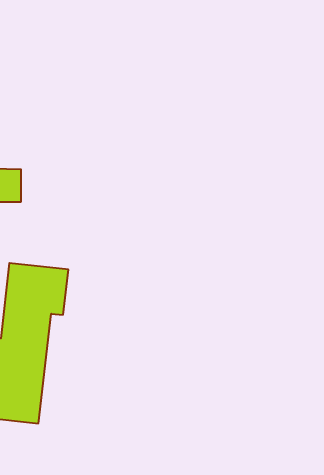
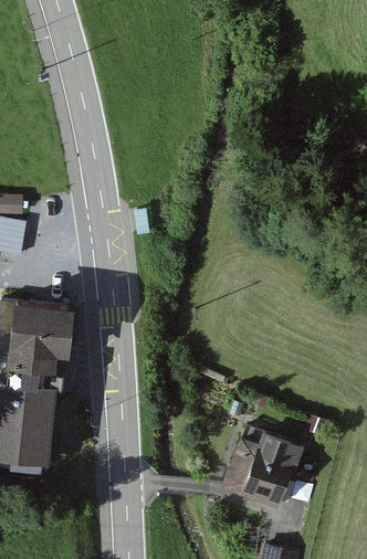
building: none -> [224,437,298,513]

